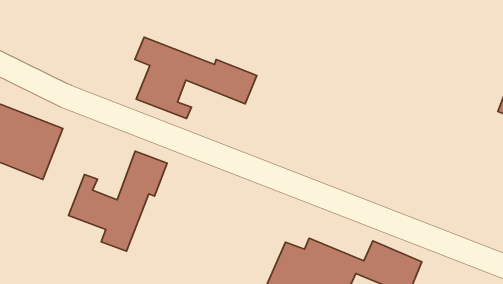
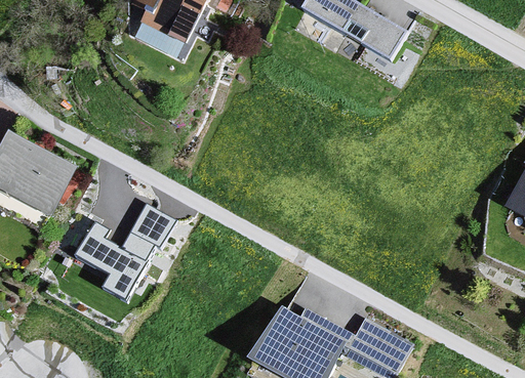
building: [135,37,257,119] -> none

